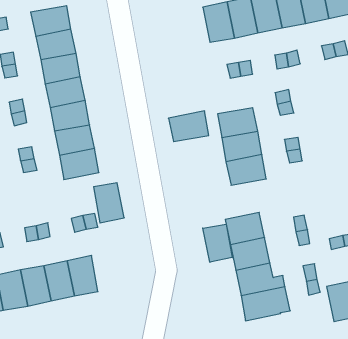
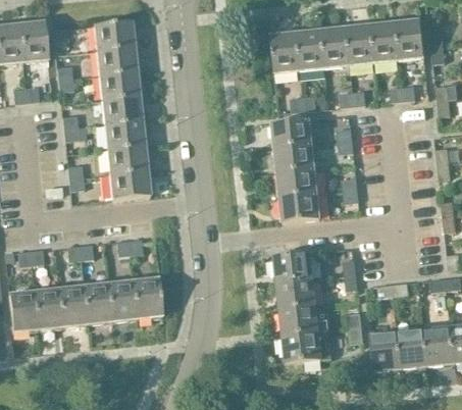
building: [168,111,209,142] -> [272,118,312,147]
building: [94,183,124,223] -> [133,278,161,318]
building: [203,224,232,262] -> none

